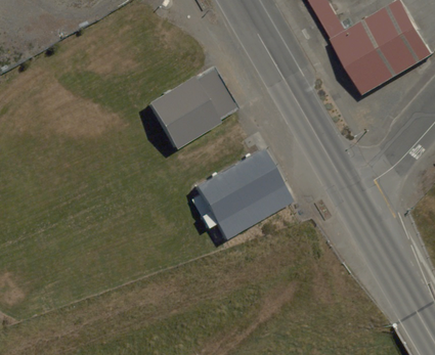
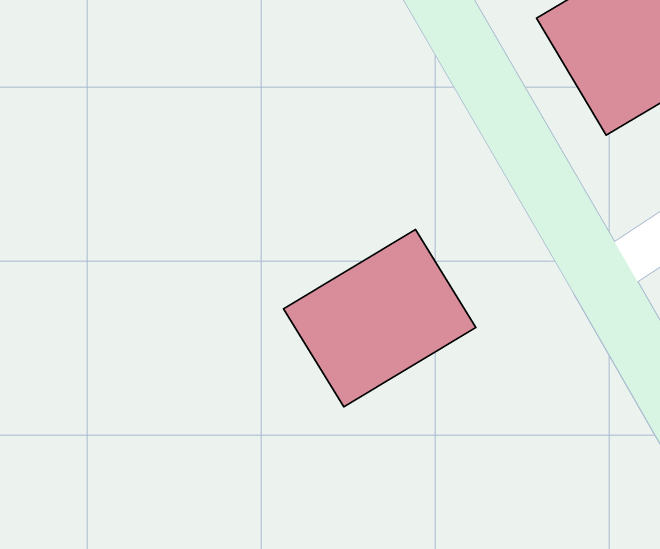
building: [143,66,235,150] -> none

